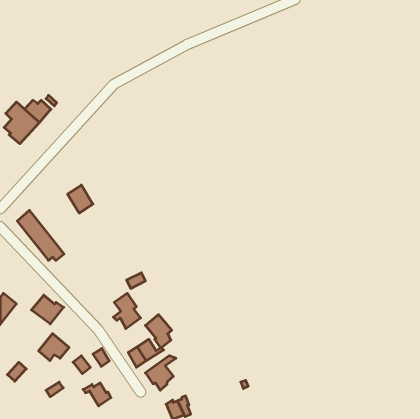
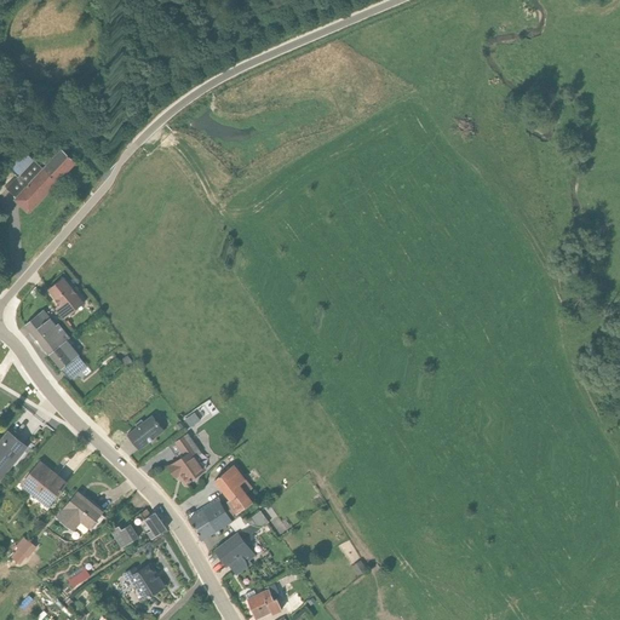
building: [68,185,93,213] -> [47,279,85,320]
building: none -> [126,414,165,449]
building: [31,295,64,324] -> [19,464,67,506]

